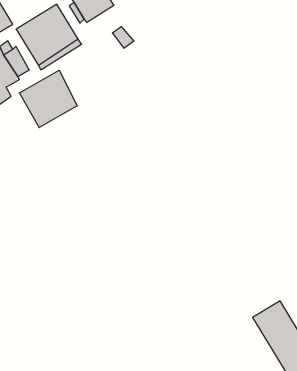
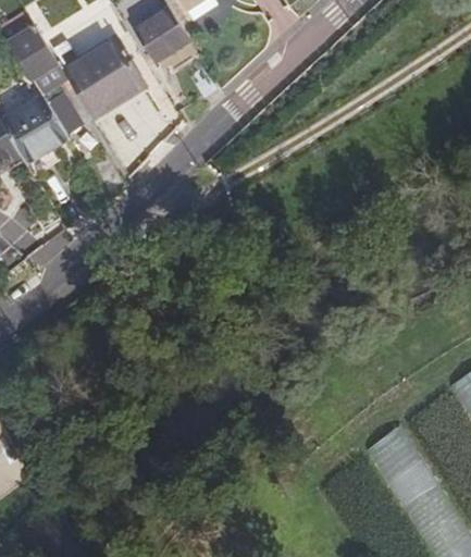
building: [19,70,77,128] -> none

